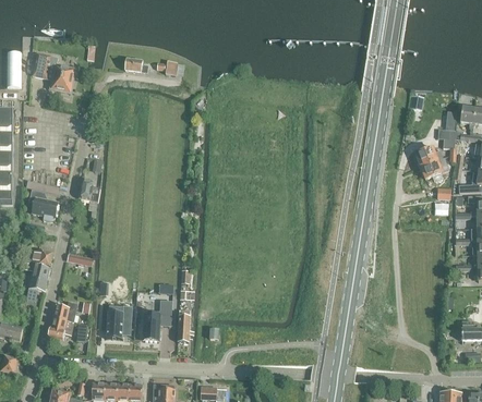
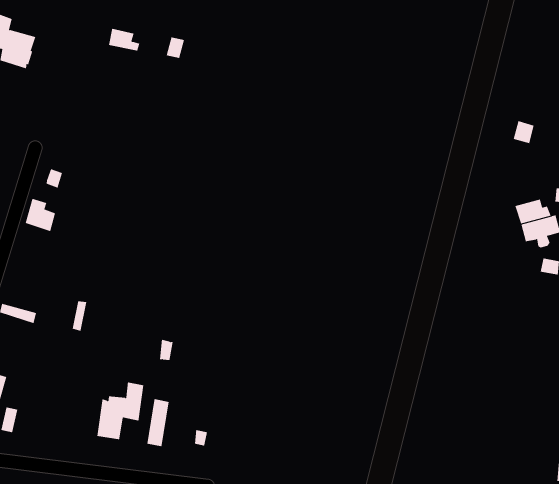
building: [106,305,132,339] -> none

